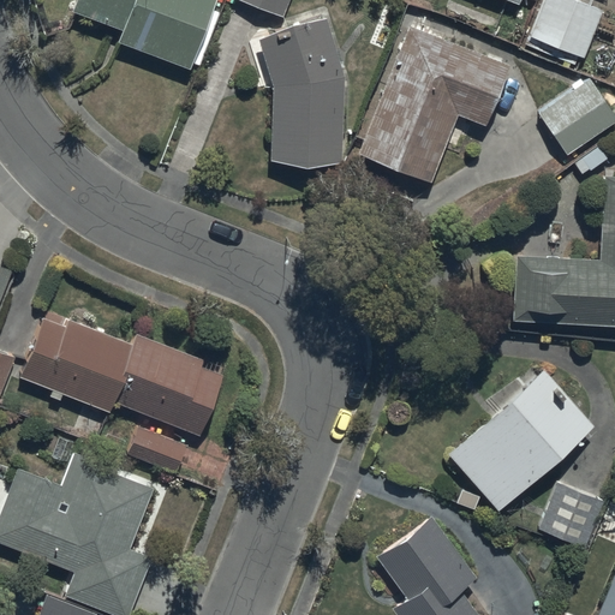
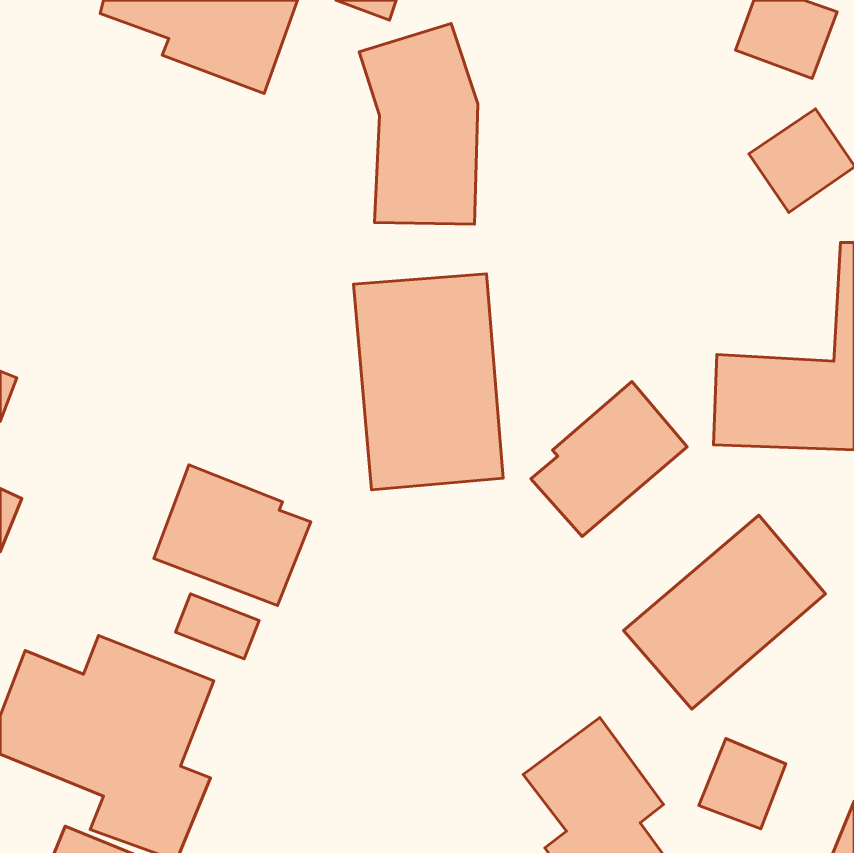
building: [360,25,509,179] -> none
building: none -> [353,274,503,490]
building: none -> [531,381,687,536]
building: [20,318,132,412] -> none
building: [539,483,602,548] -> [699,739,786,829]

